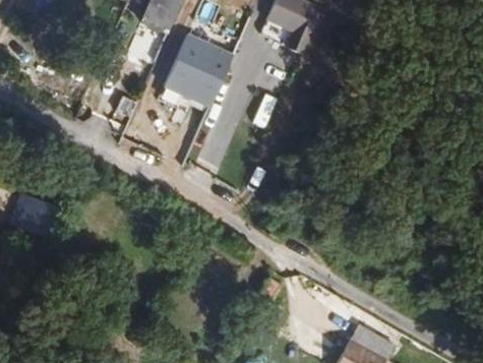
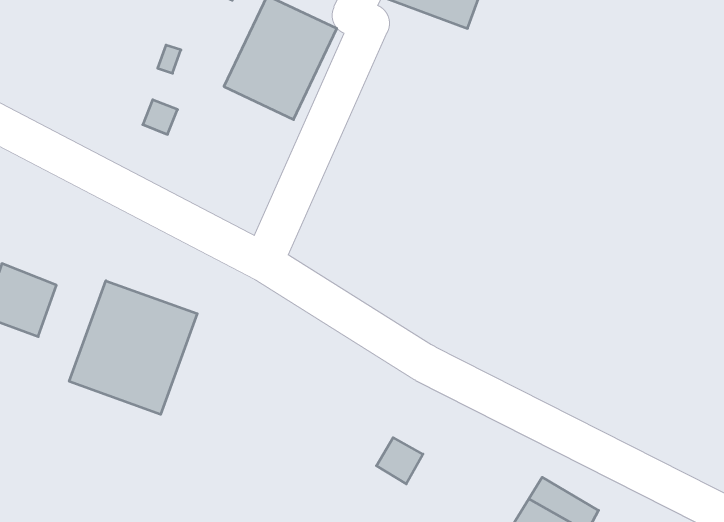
building: none -> [69,281,197,414]

